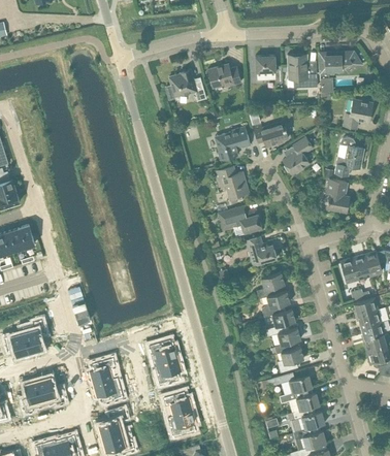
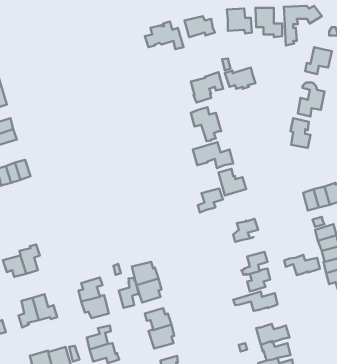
building: [283,137,313,174] -> none
building: [257,272,285,299] -> [198,189,223,212]
building: [266,310,295,336] -> none
building: none -> [119,278,139,308]
building: [279,390,319,413] -> [284,255,320,275]

